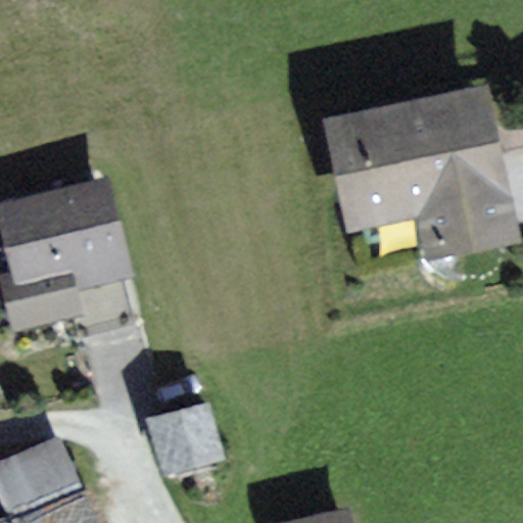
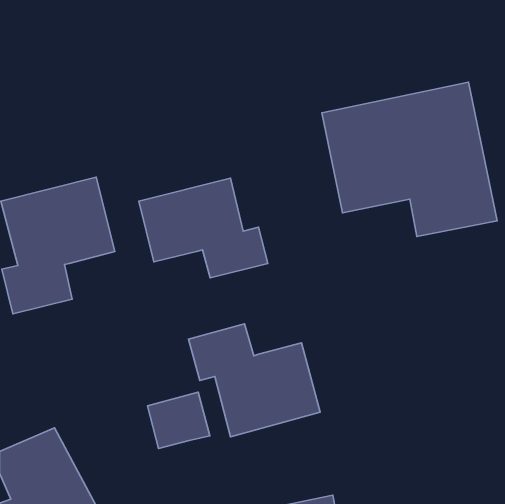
building: none -> [139,178,268,278]
building: none -> [188,324,320,437]

